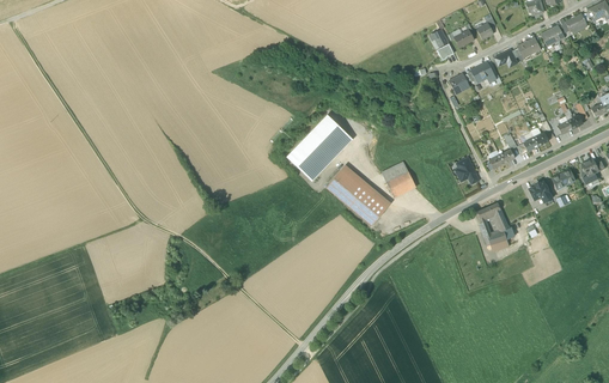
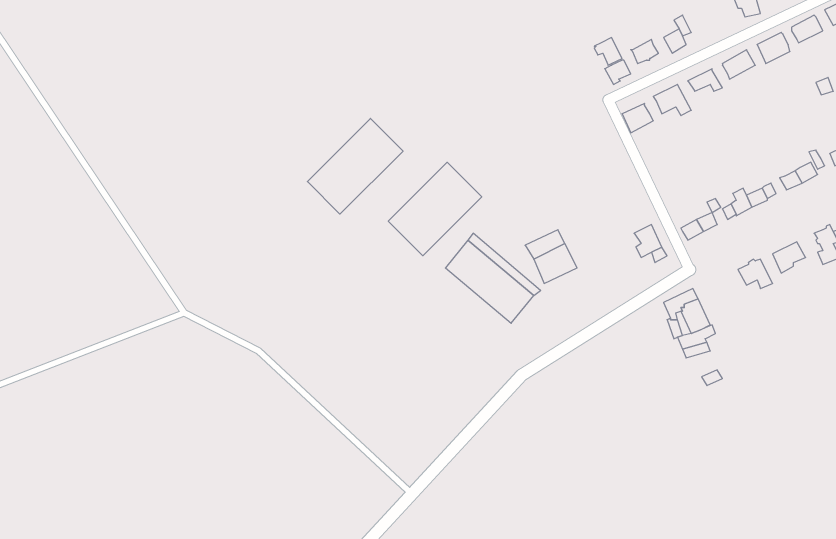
building: none -> [307,118,403,214]

